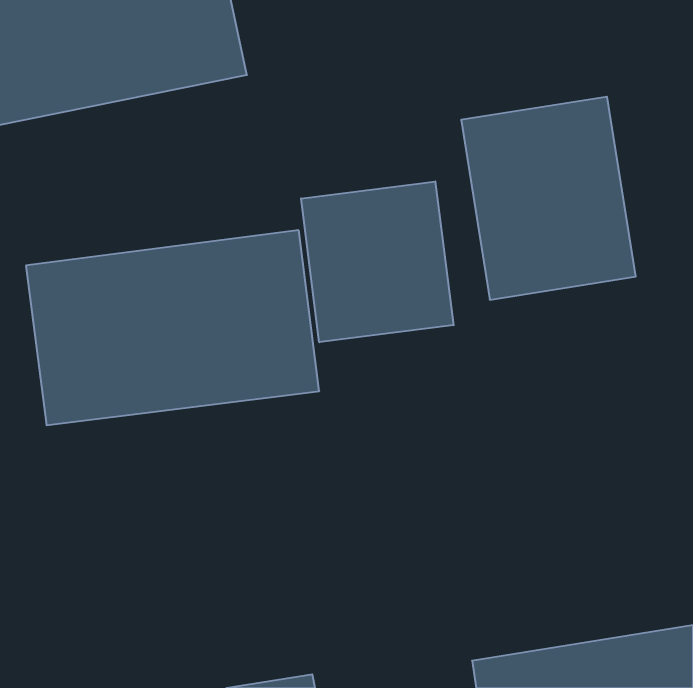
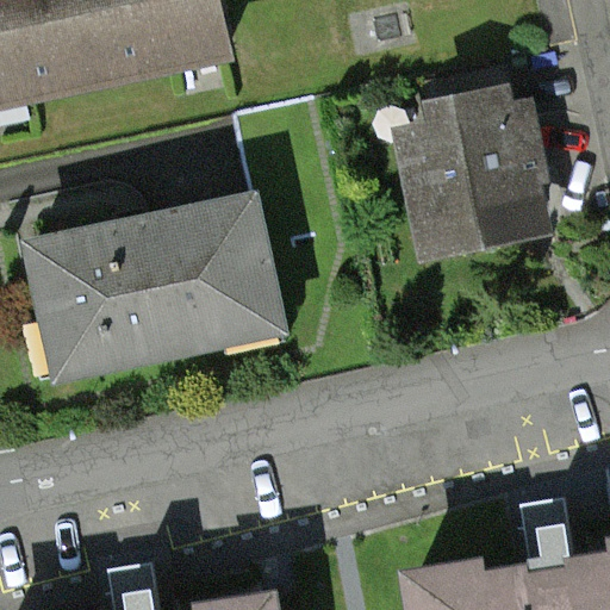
building: [301,181,454,342] -> none

